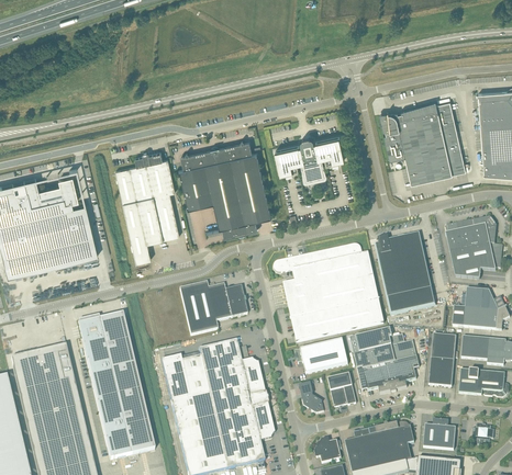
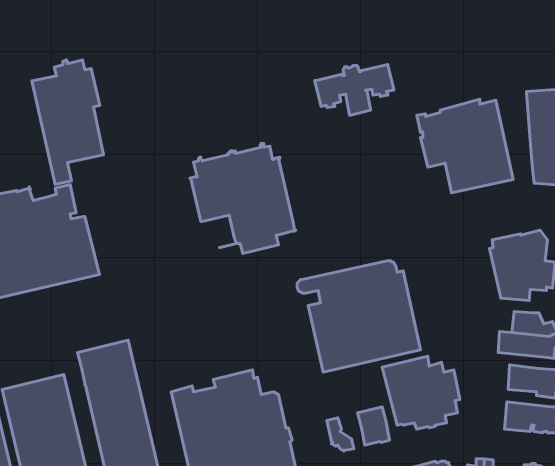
building: [275,135,345,180] -> [315,64,394,115]
building: [115,150,179,261] -> [32,60,103,185]
building: [376,234,435,313] -> none
building: [180,280,247,333] -> none
building: [427,332,456,385] -> none
building: [294,338,348,373] -> none

